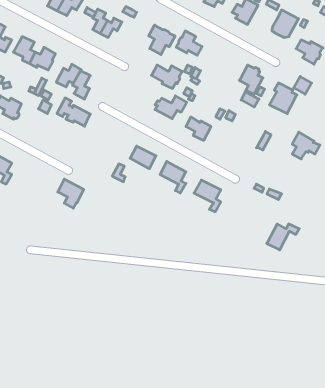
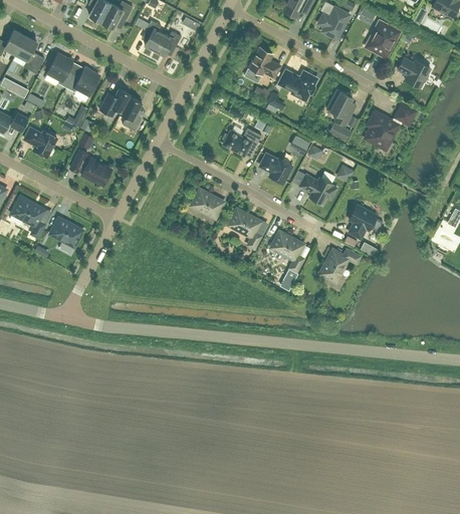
building: [149,25,175,55] -> none
building: [151,65,182,88] -> [278,69,316,98]
building: [57,98,90,126] -> [69,149,110,184]
building: [292,132,320,159] -> [349,204,383,237]
building: none -> [299,174,336,203]
building: [58,179,84,208] -> [50,217,82,253]
building: [267,224,299,250] -> [319,249,360,281]

